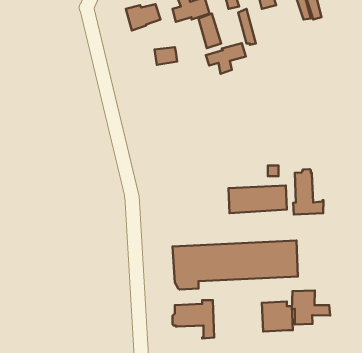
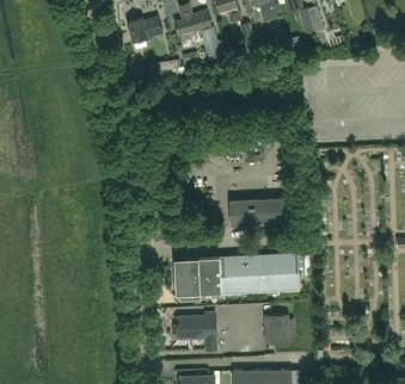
building: [206,43,246,74] -> none
building: [293,169,323,214] -> none
building: [292,290,330,324] -> none

